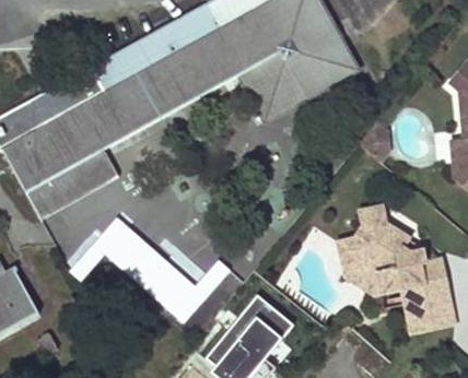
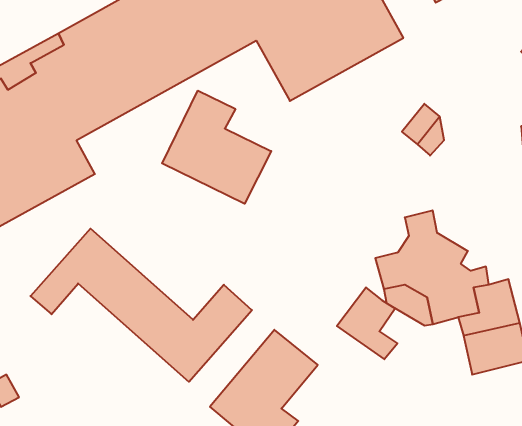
building: none -> [162,91,271,204]
building: none -> [337,287,397,359]

